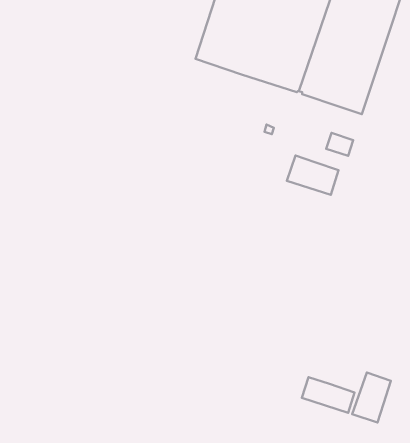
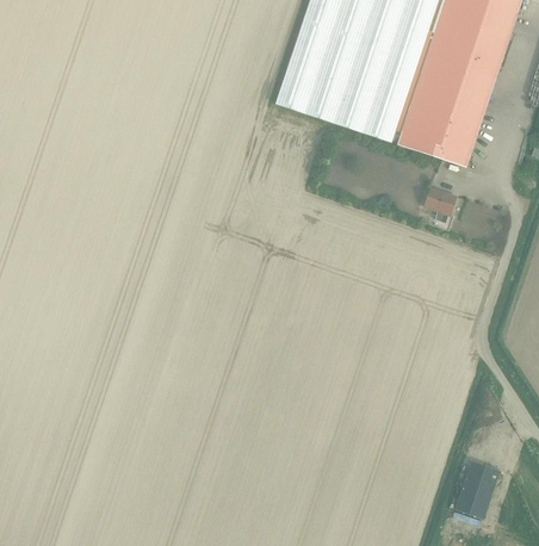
building: [287,156,339,195] -> none
building: [302,377,355,413] -> none

